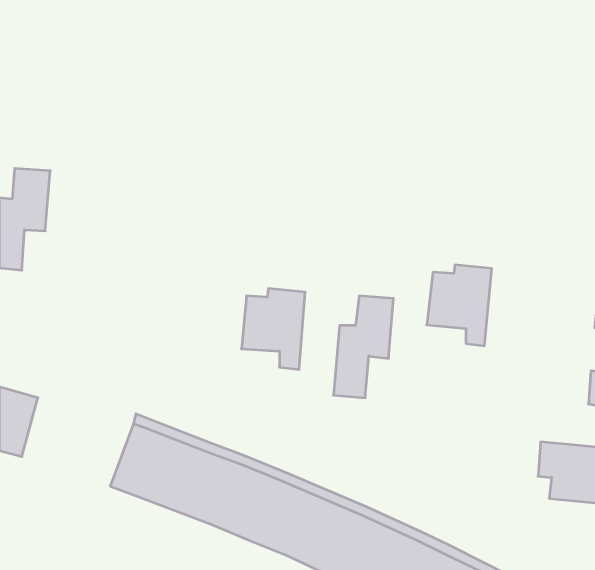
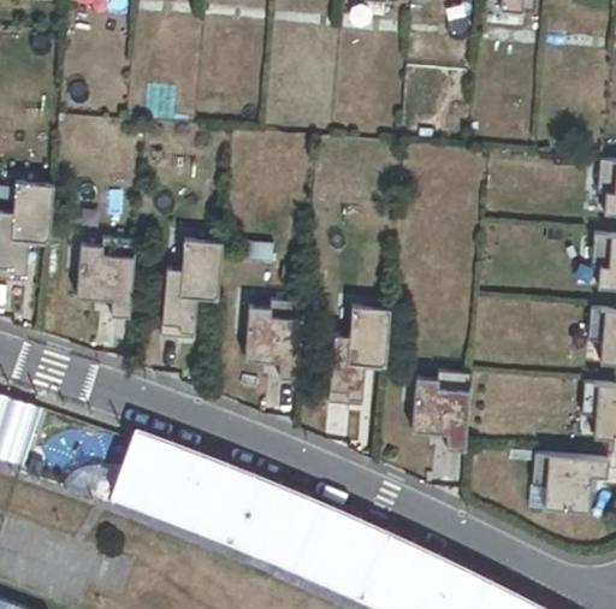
building: none -> [73,243,134,323]
building: none -> [161,243,220,343]
building: [427,265,492,346] -> [407,372,470,451]

